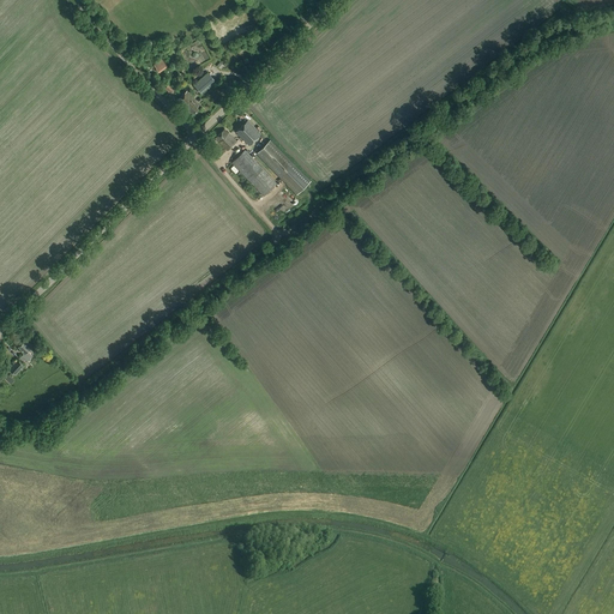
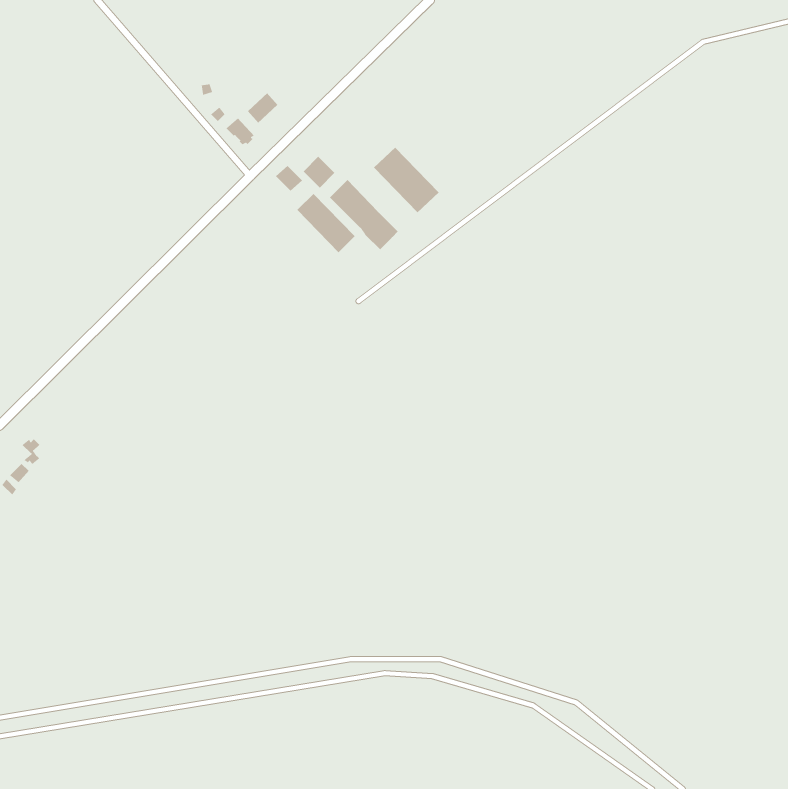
building: none -> [373,147,440,213]

